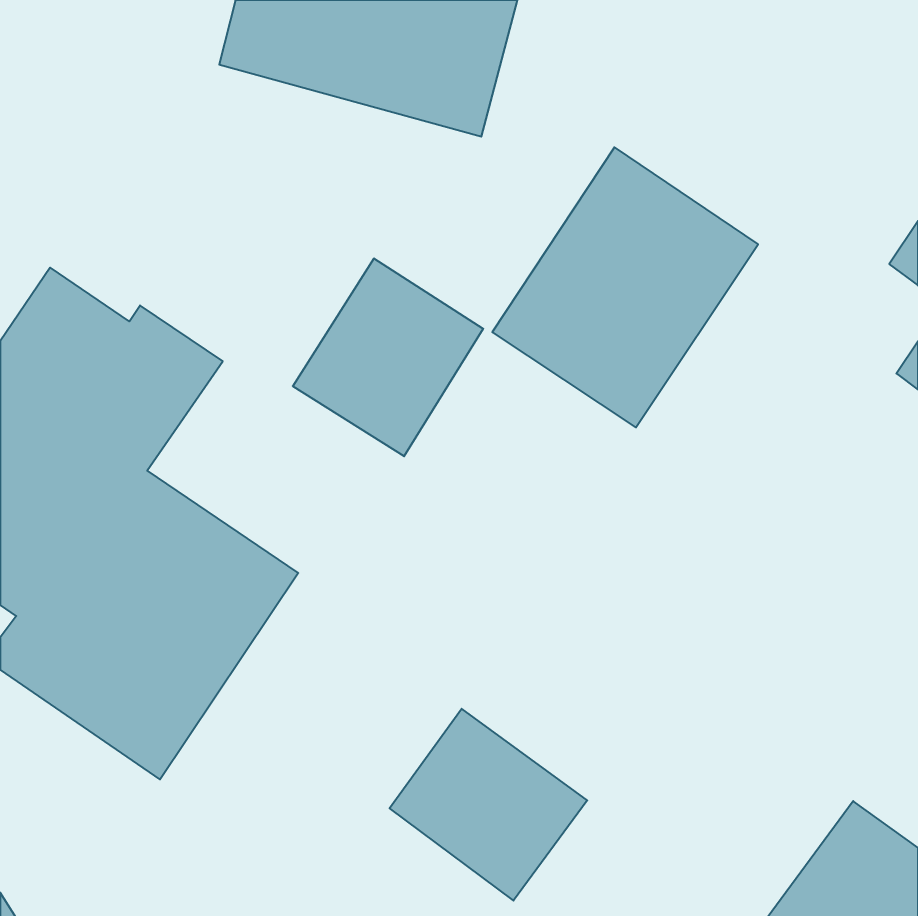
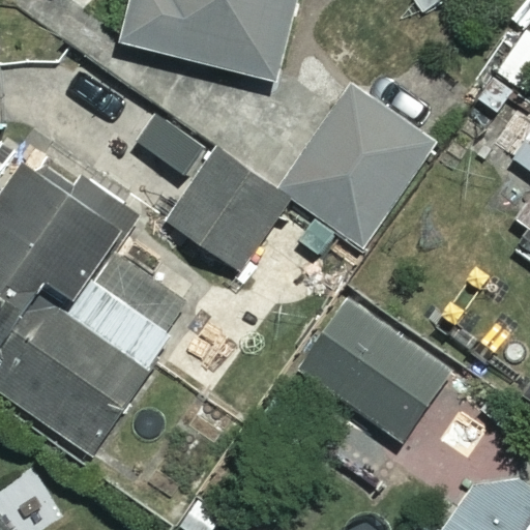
building: none -> [297,297,450,441]
building: [390,709,587,901] -> none

